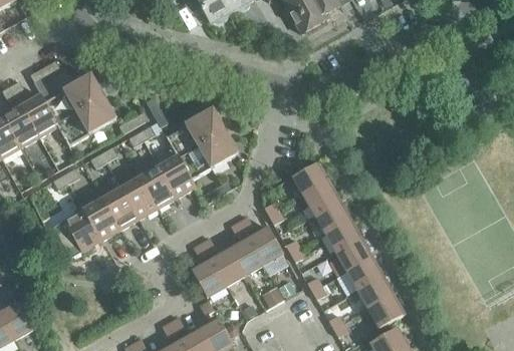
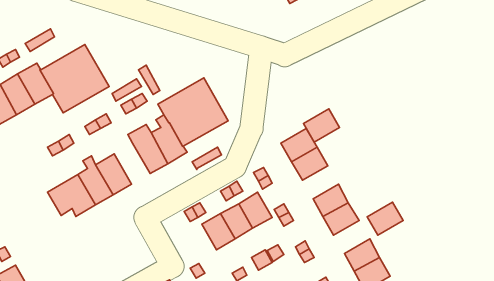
building: [120,177,158,219] -> none
building: [314,200,351,234] -> [303,109,339,142]
building: [346,256,383,290] -> [367,202,403,235]
building: [192,260,226,297] -> none

